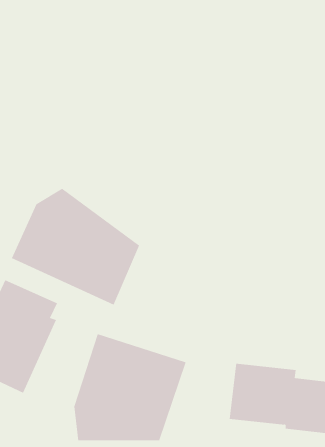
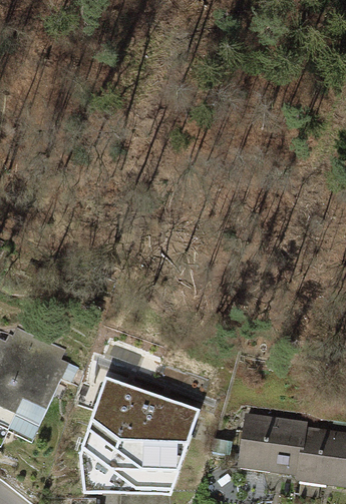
building: [11,188,140,305] -> none

